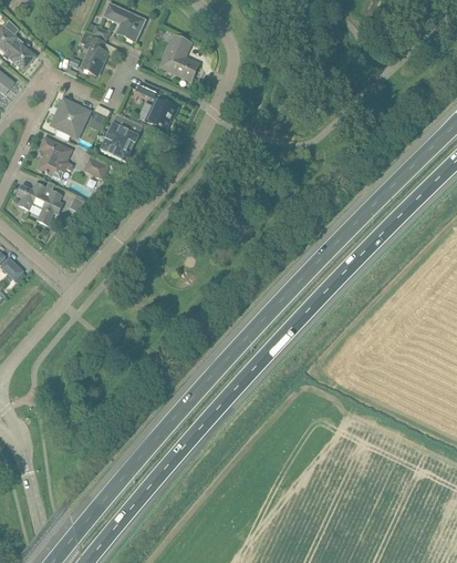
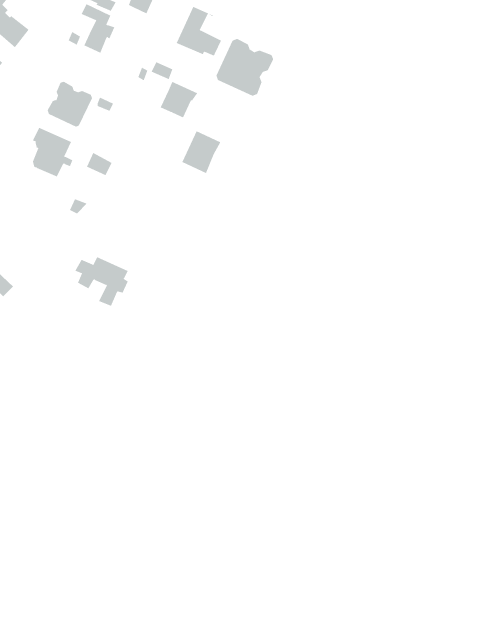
building: none -> [216,38,274,97]
building: [101,122,134,158] -> [182,130,221,174]
building: [17,182,62,224] -> [74,256,128,306]

